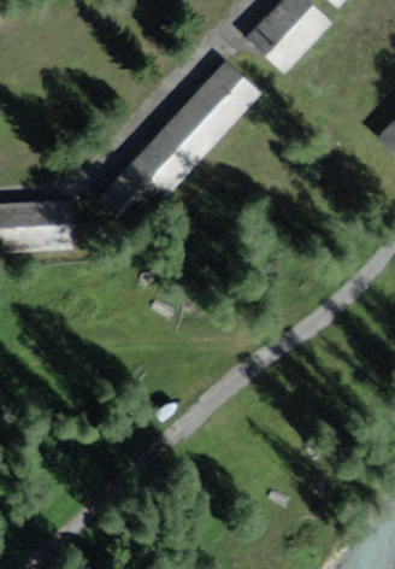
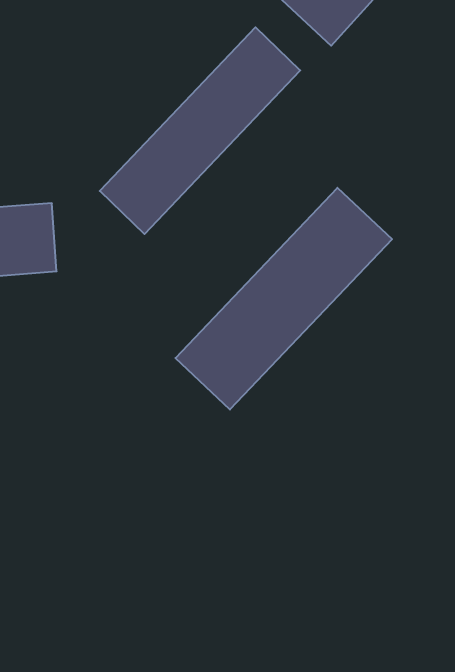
building: none -> [175,188,392,410]

